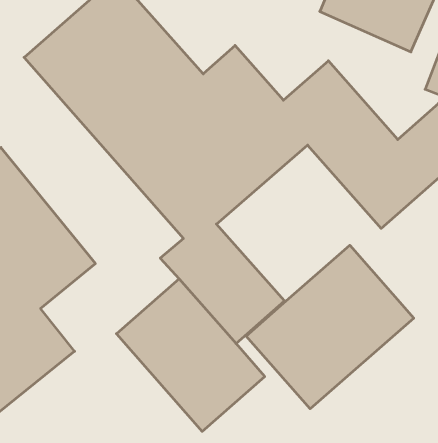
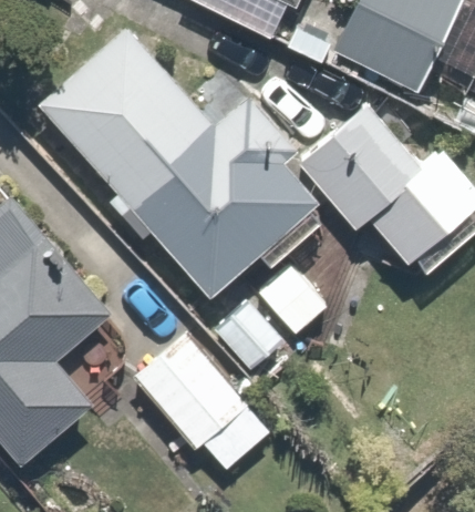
building: [246,245,414,409] -> none

